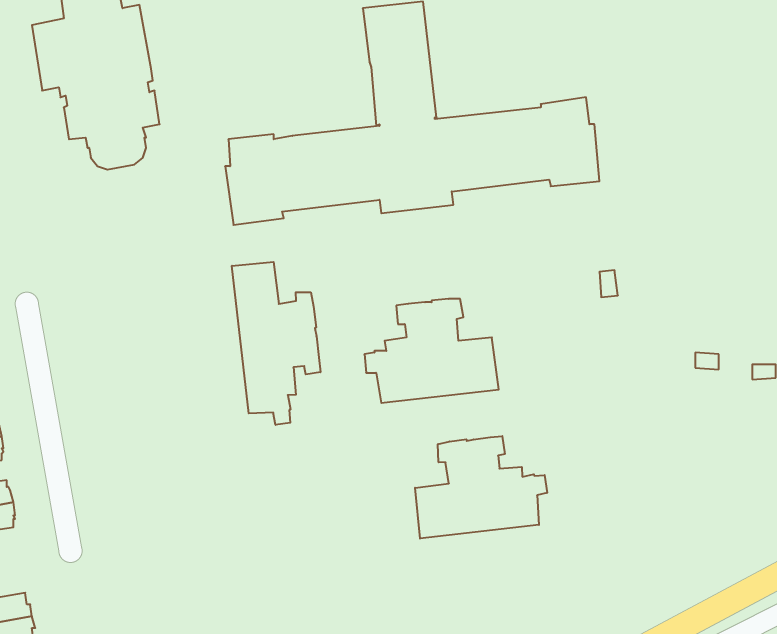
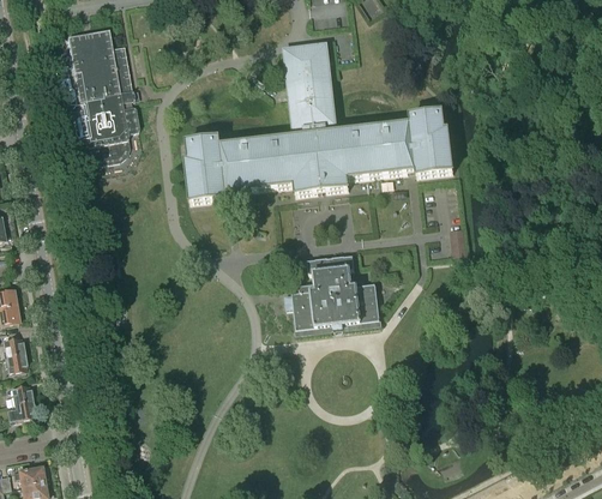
building: [232,262,320,425] -> none
building: [415,436,547,539] -> none

